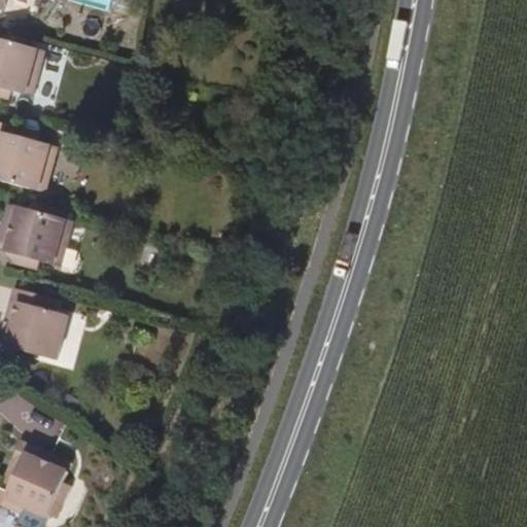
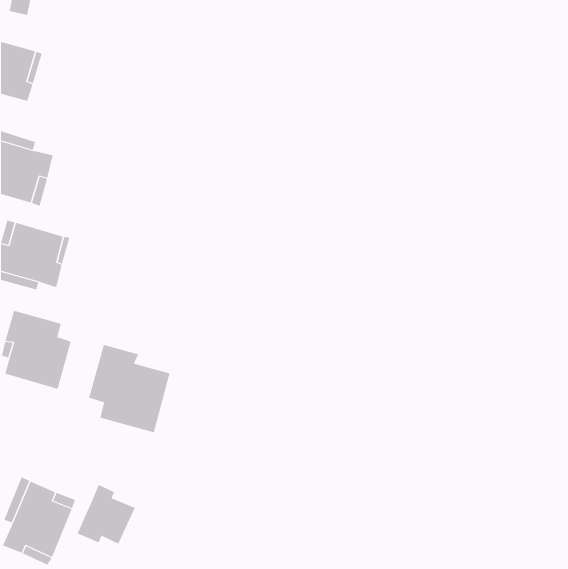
building: none -> [88,344,170,433]
building: none -> [77,484,135,544]

